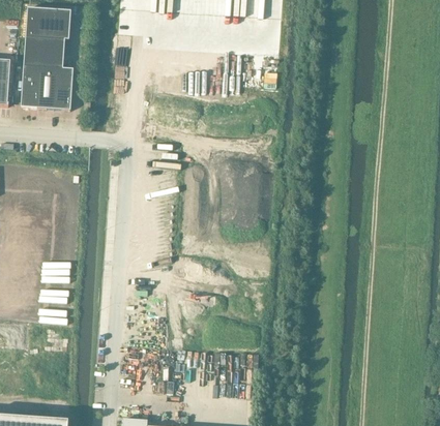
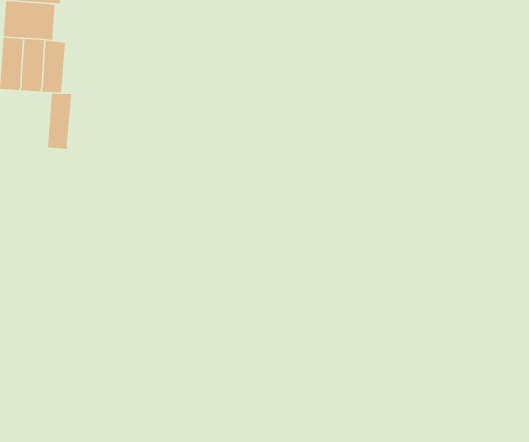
building: none -> [47,93,72,150]

